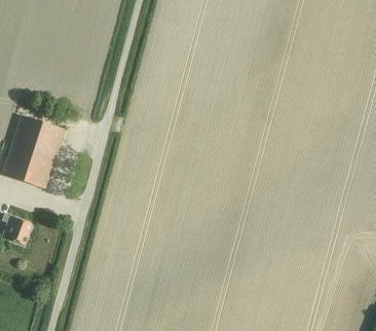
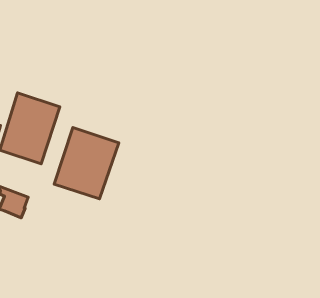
building: none -> [54,128,119,199]

